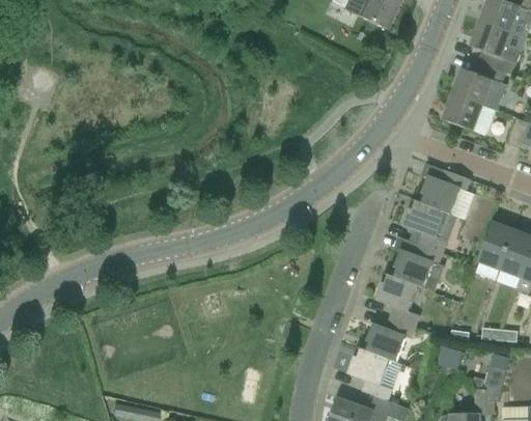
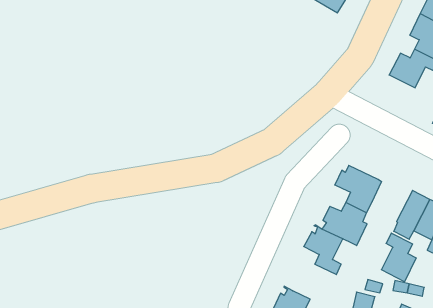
building: [443,93,495,135] -> none
building: [413,169,471,214] -> none
building: none -> [381,233,416,282]
building: [367,317,416,362] -> none

